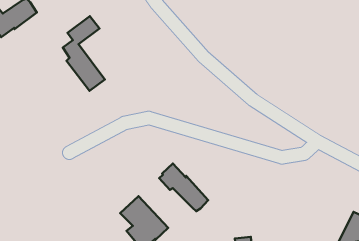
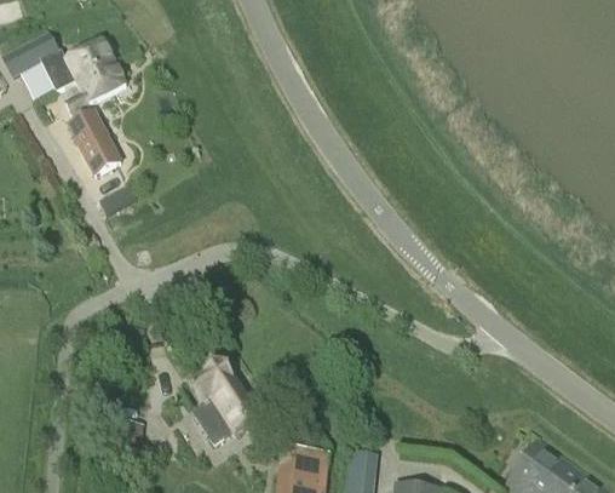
building: [63,16,105,91] -> [65,65,125,177]
building: [159,164,208,211] -> none

